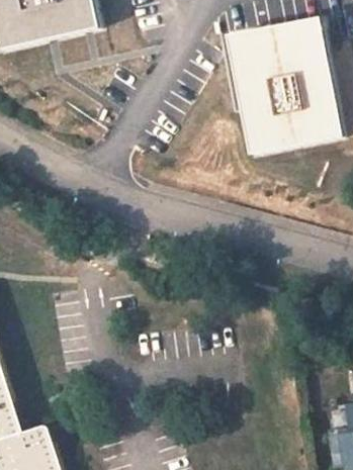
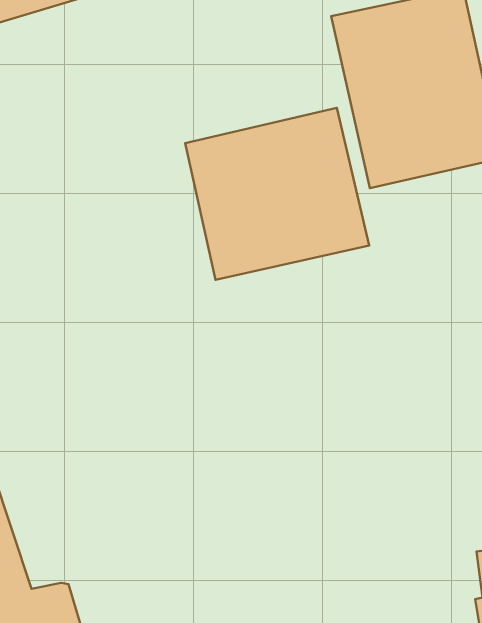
building: none -> [185,108,369,280]

